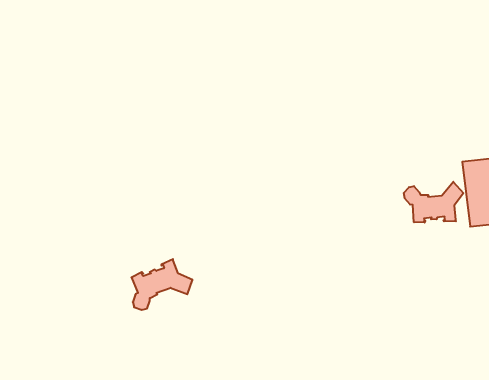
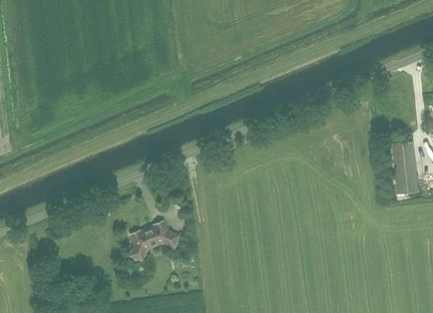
building: [404,182,463,223] -> none

